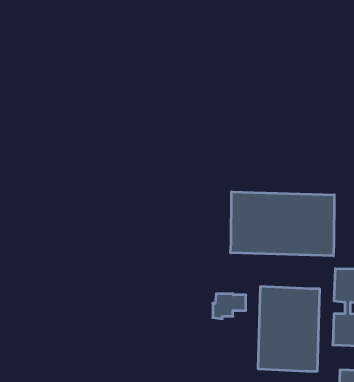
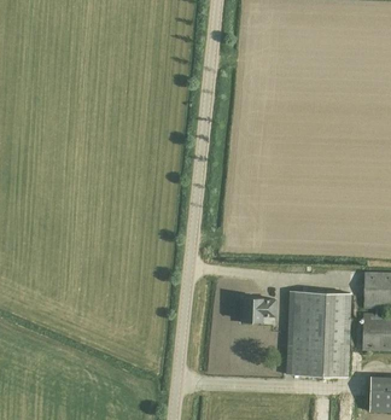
building: [231,192,334,256] -> none

